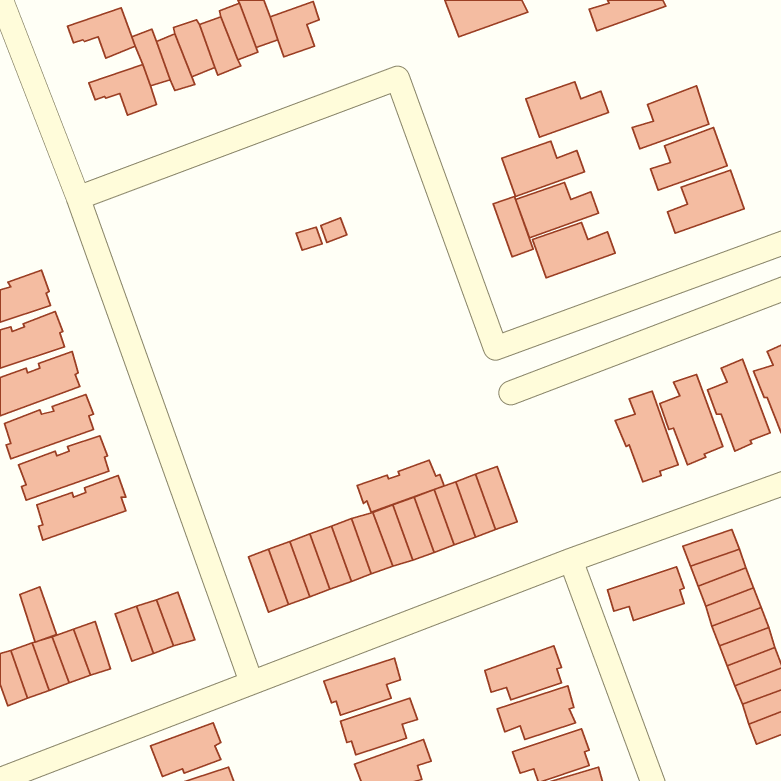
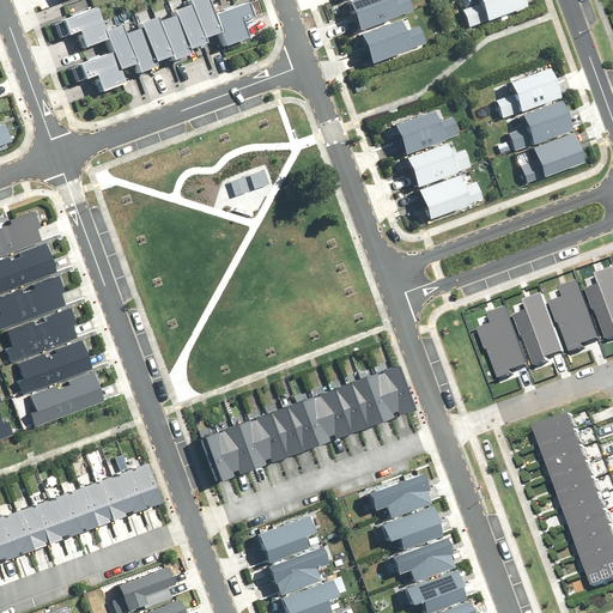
building: [526,82,609,137] -> [360,20,425,63]
building: [493,196,533,257] -> none
building: [357,460,444,512] -> none
building: [608,567,684,620] -> [369,475,429,517]
building: [20,587,57,642] -> [77,481,105,524]

